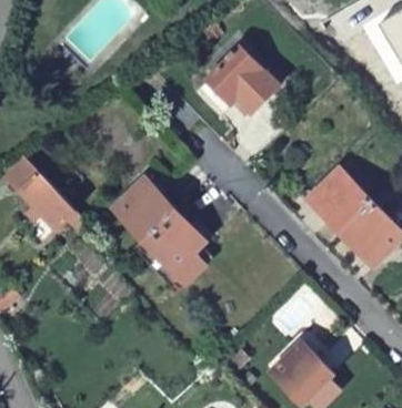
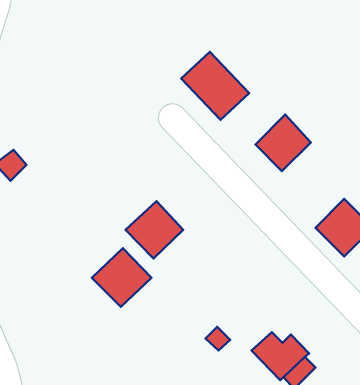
building: [22,174,78,230] -> none
building: [112,181,174,242] -> [92,248,152,307]
building: [312,181,370,239] -> [255,115,311,171]

